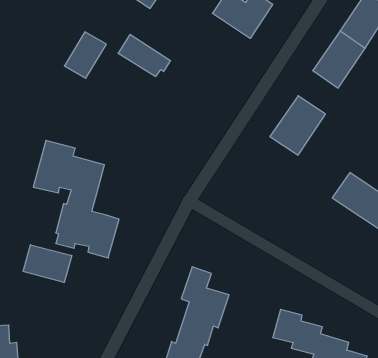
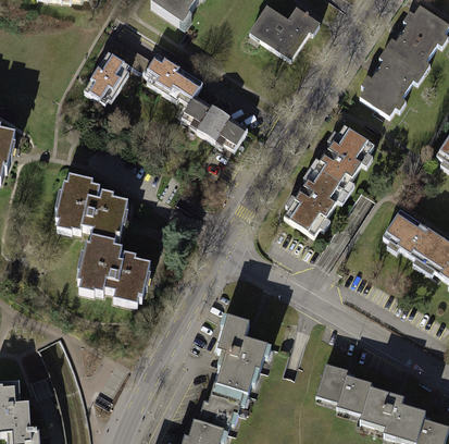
building: none -> [178,92,248,150]
building: none -> [284,168,346,233]
building: [23,245,72,283] -> none

